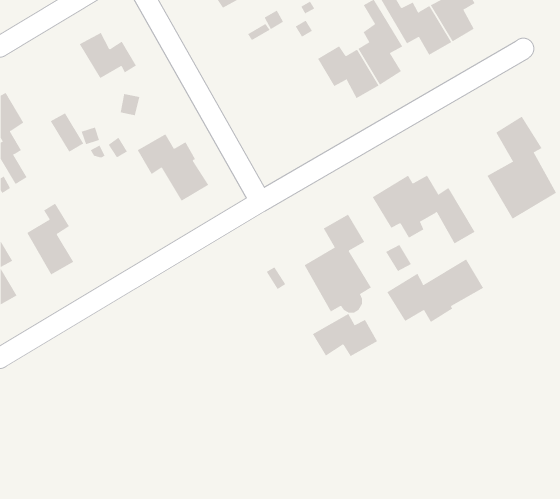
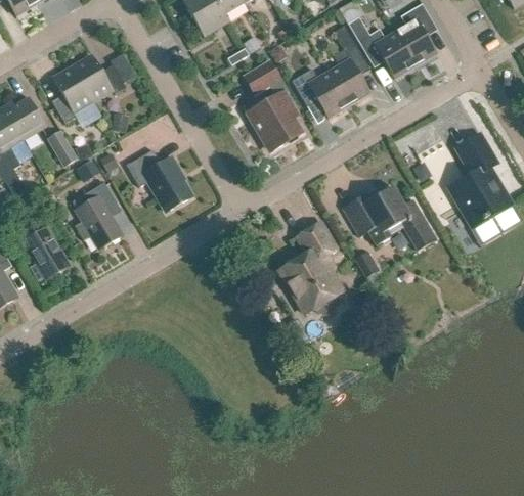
building: none -> [245,61,300,150]
building: none -> [51,66,92,122]
building: none -> [6,96,46,138]
building: none -> [72,181,121,247]
building: [386,259,484,323] -> none
building: [312,313,378,357] -> none

